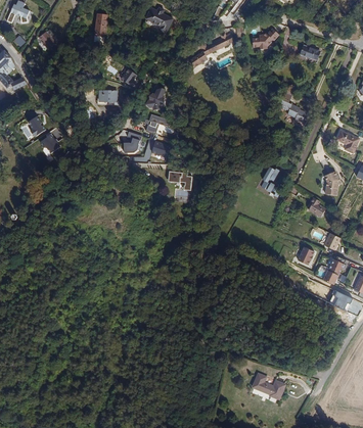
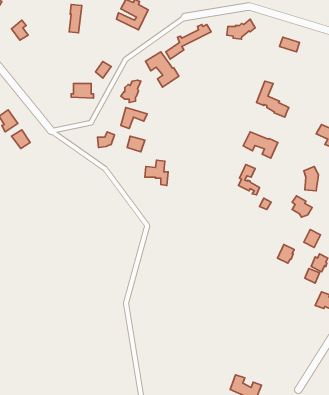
building: none -> [145,52,179,87]
building: none -> [243,132,278,158]

